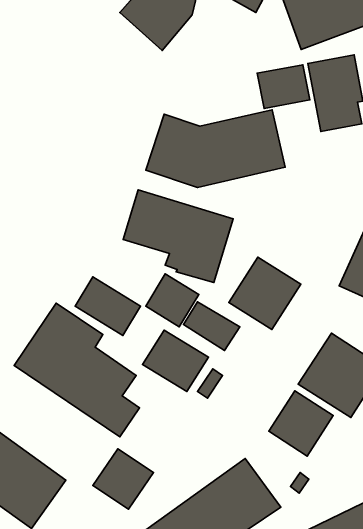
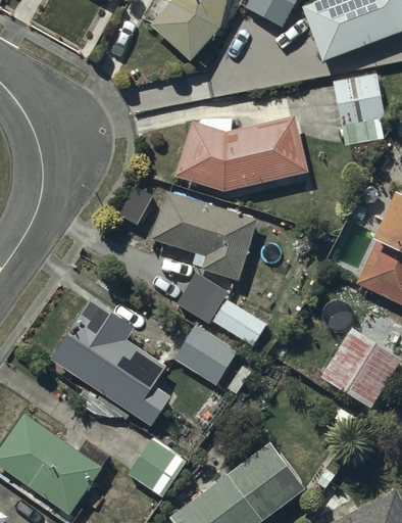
building: [257,65,310,108] -> none
building: [229,257,301,329] -> none
building: [75,277,140,336] -> none
building: [269,391,333,456] -> none

